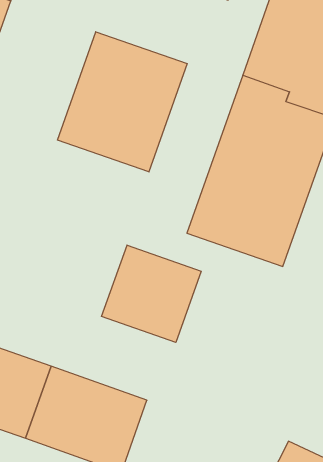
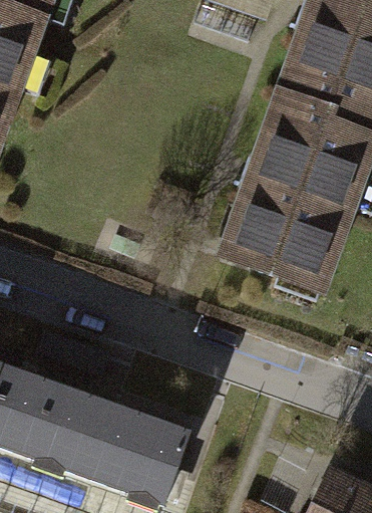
building: [58,32,187,172] -> none
building: [102,245,201,342] -> none

